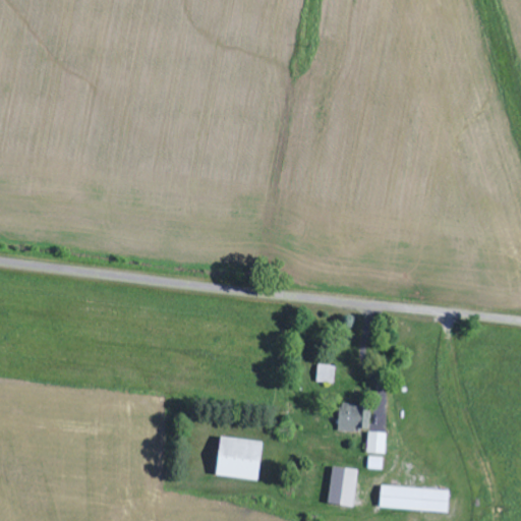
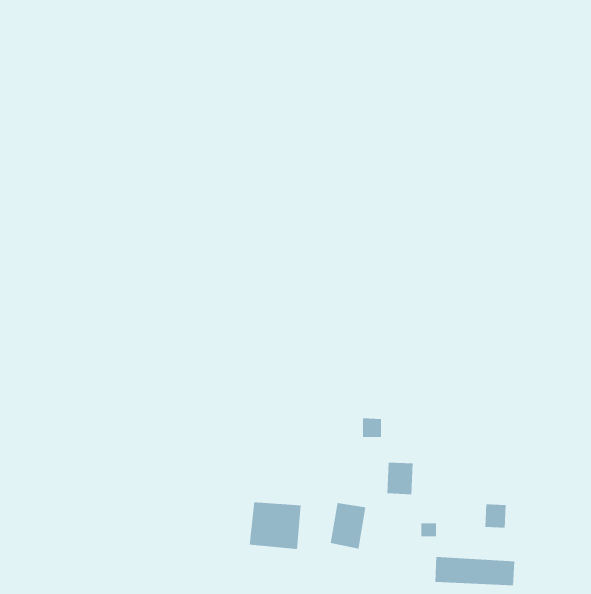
building: [365,431,385,453] -> [484,504,507,528]
building: [326,466,357,507] -> [330,502,366,549]

